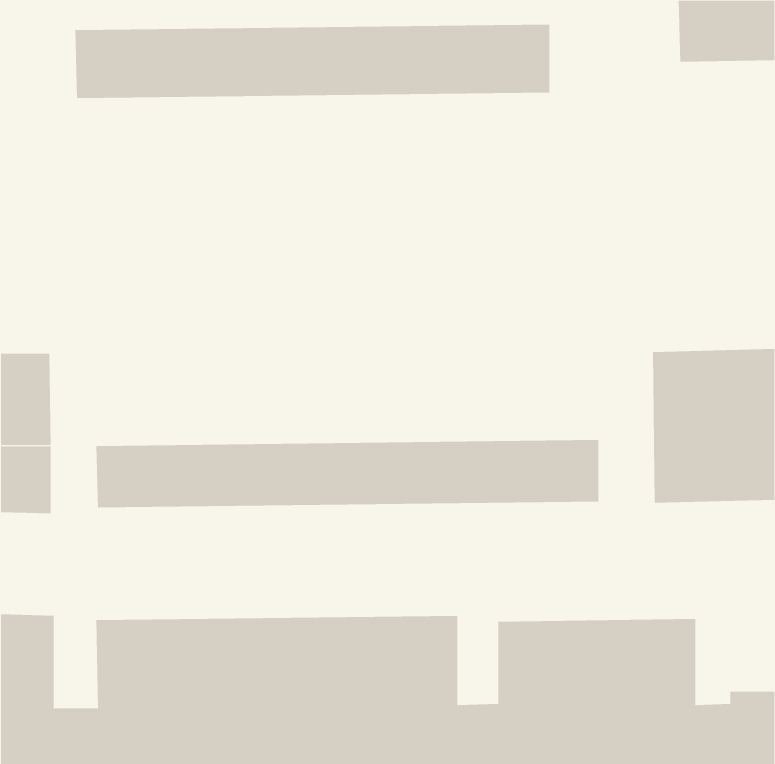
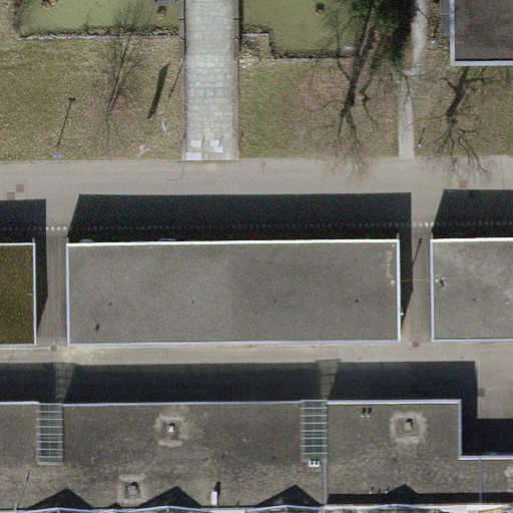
building: [75,24,550,99] -> none
building: none -> [63,235,396,302]

